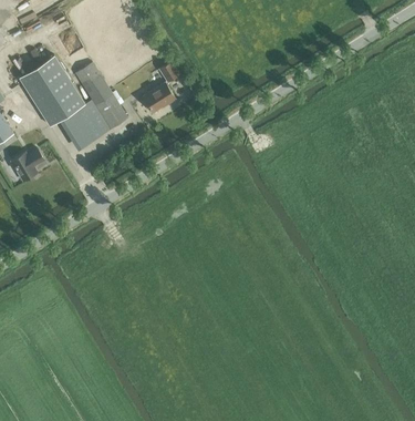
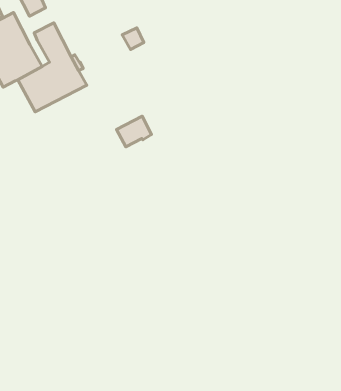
building: [142,82,175,112] -> [117,116,151,147]

